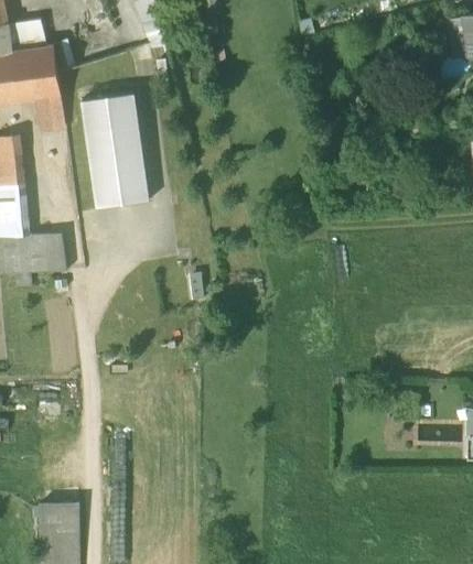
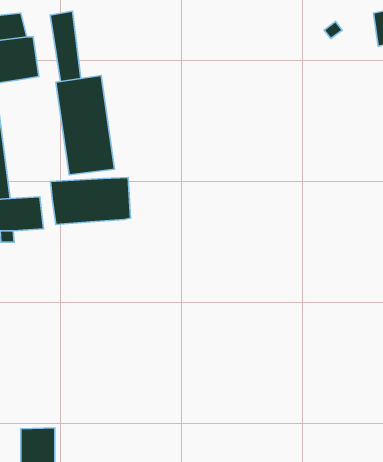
building: none -> [50,11,81,81]
building: [35,94,65,129] -> none
building: none -> [50,178,131,225]

